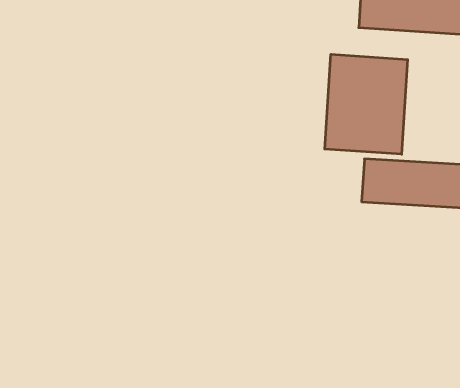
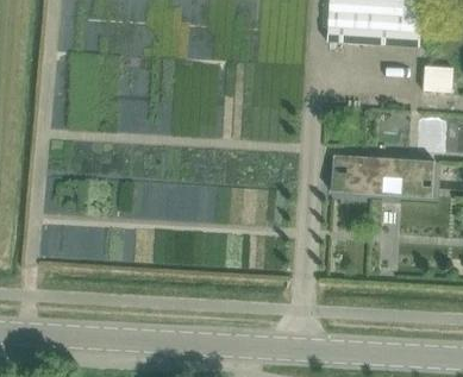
building: [325,54,408,154] -> none

